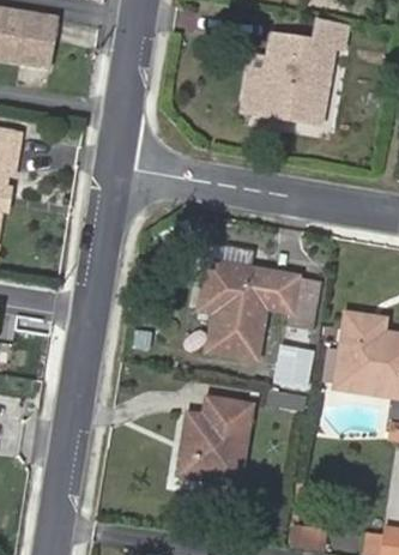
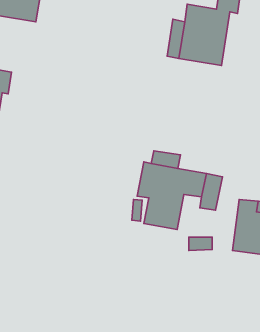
building: [180,400,252,483] -> none

